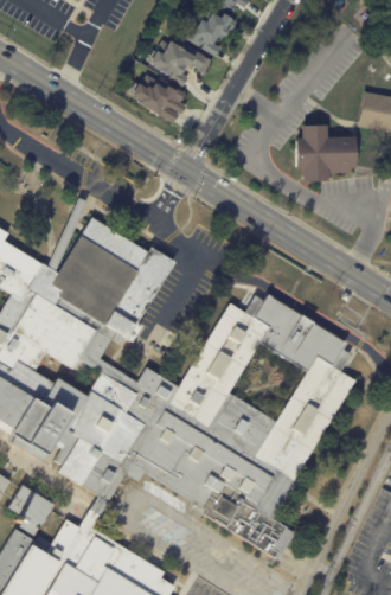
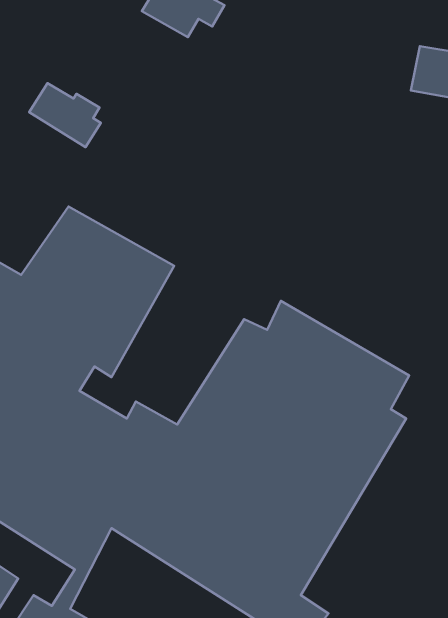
building: [132,75,187,124] -> [29,83,101,147]
building: [294,126,353,181] -> none

